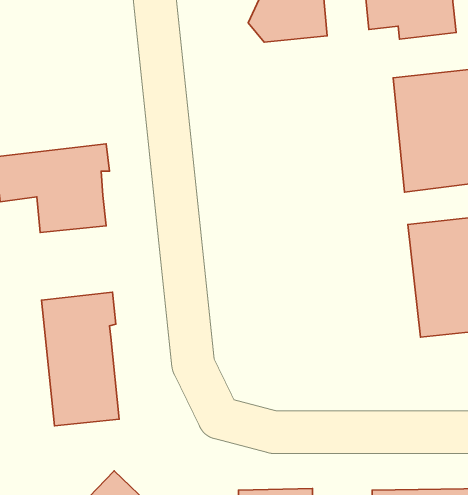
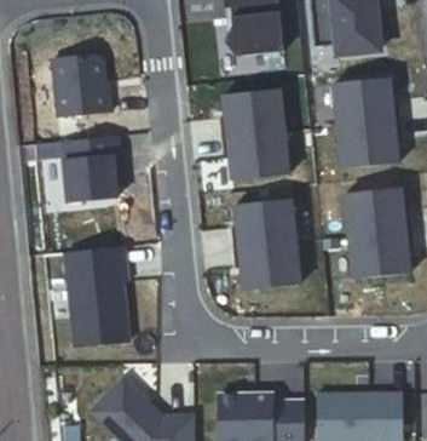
building: none -> [52,56,111,118]
building: none -> [220,90,289,181]
building: none -> [231,199,300,291]

